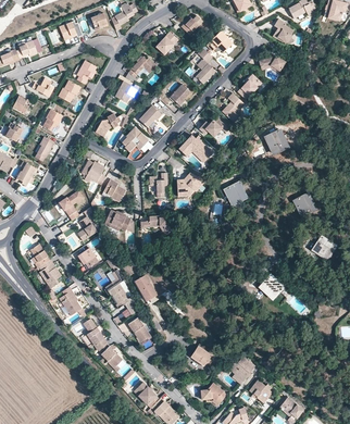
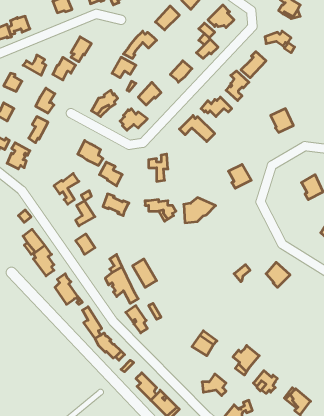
building: [177,174,208,198] -> [184,198,216,223]

